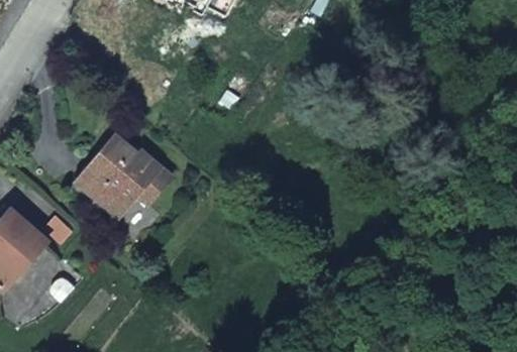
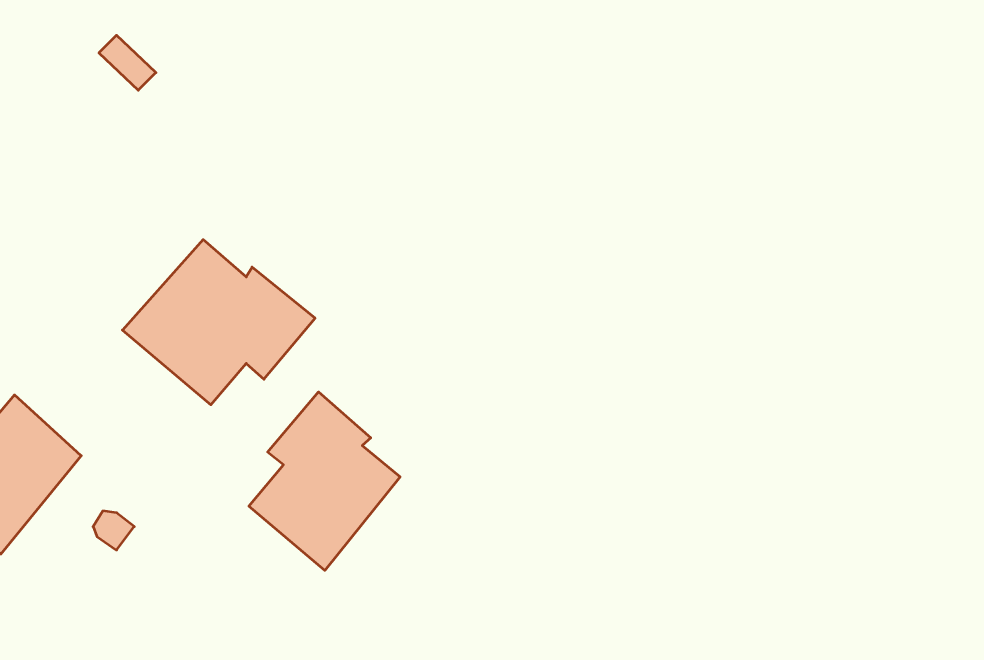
building: none -> [249,392,400,570]

